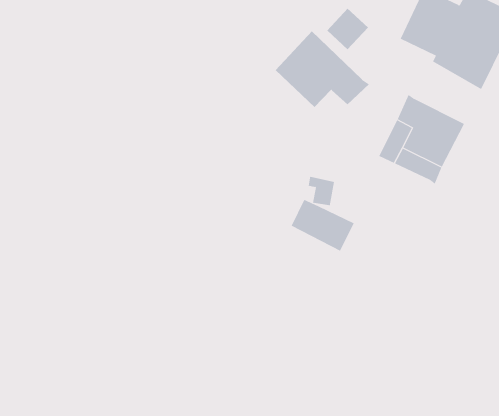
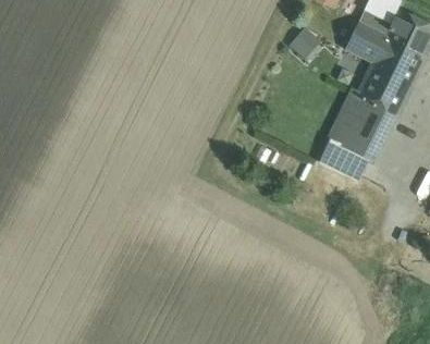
building: [275,31,370,108] -> none
building: none -> [354,66,406,114]
building: [291,199,355,251] -> [317,139,366,180]

